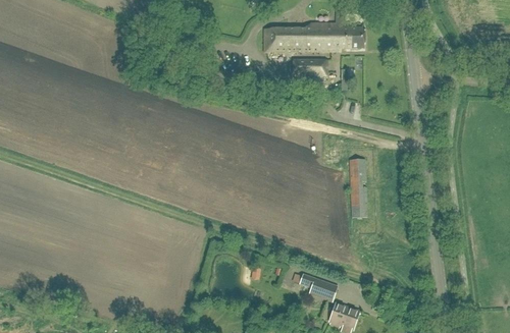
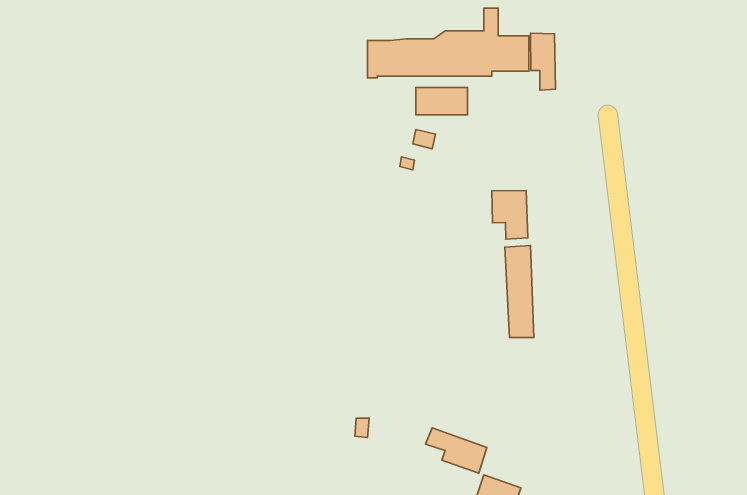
building: none -> [530,33,555,90]
building: none -> [492,190,528,239]

